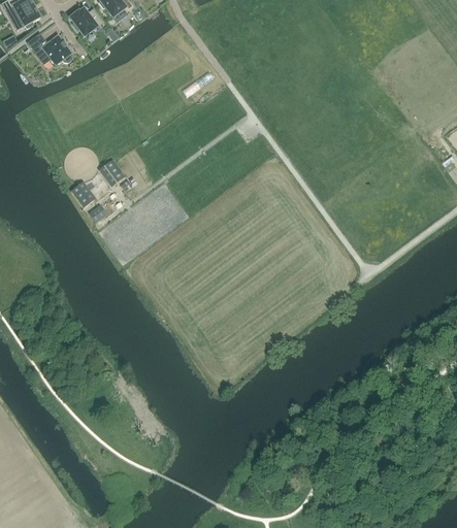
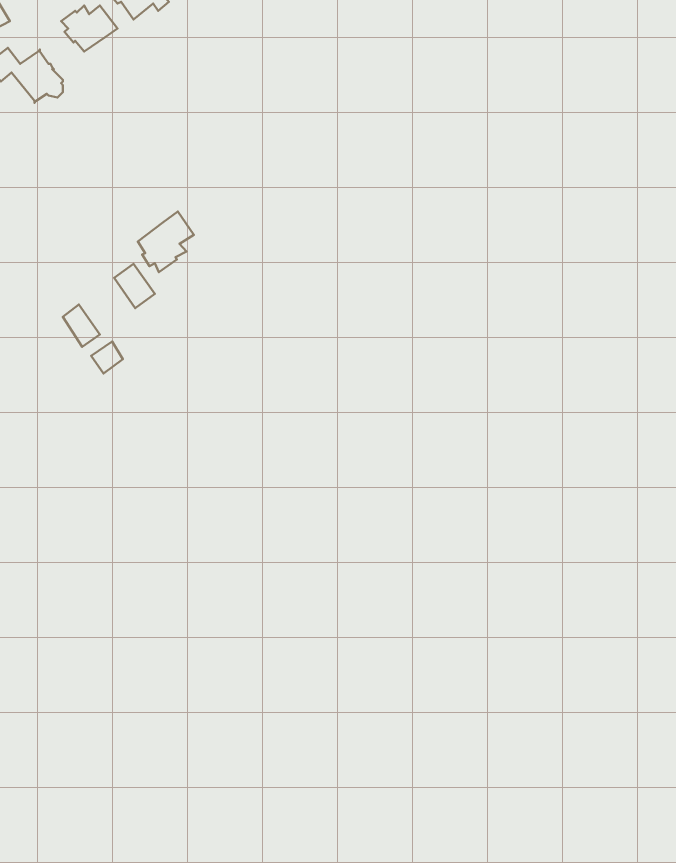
building: none -> [138,211,194,272]

